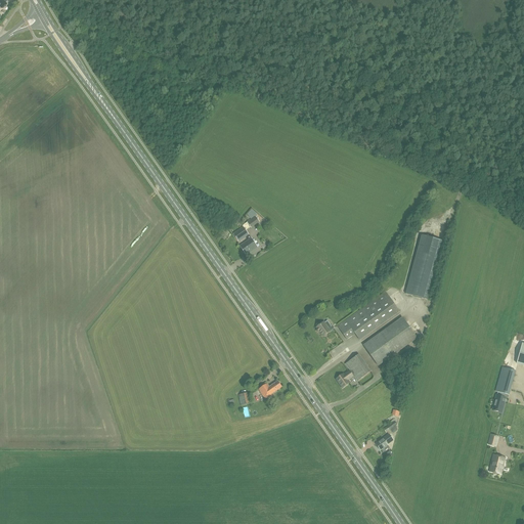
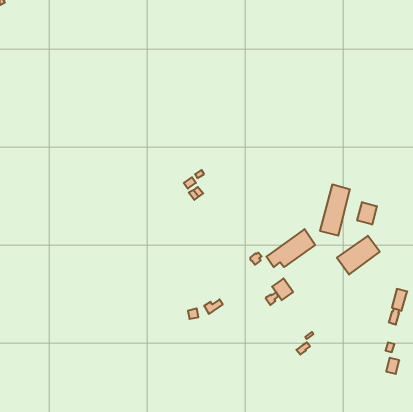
building: none -> [357,202,377,225]
building: [362,315,417,364] -> [337,236,380,275]

